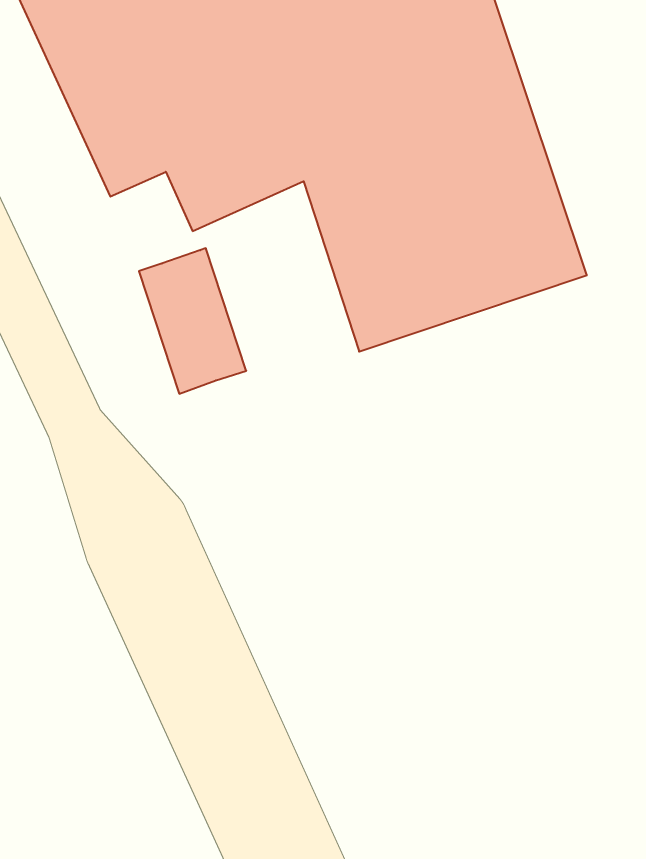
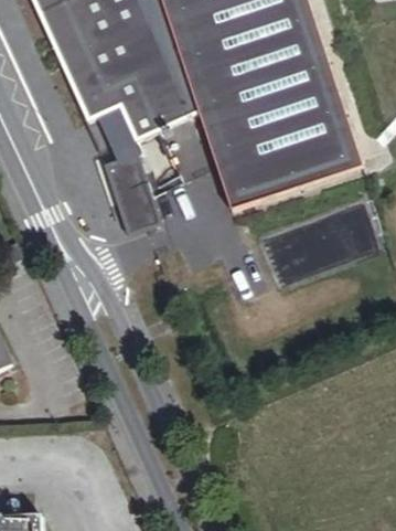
building: none -> [95,104,137,157]

